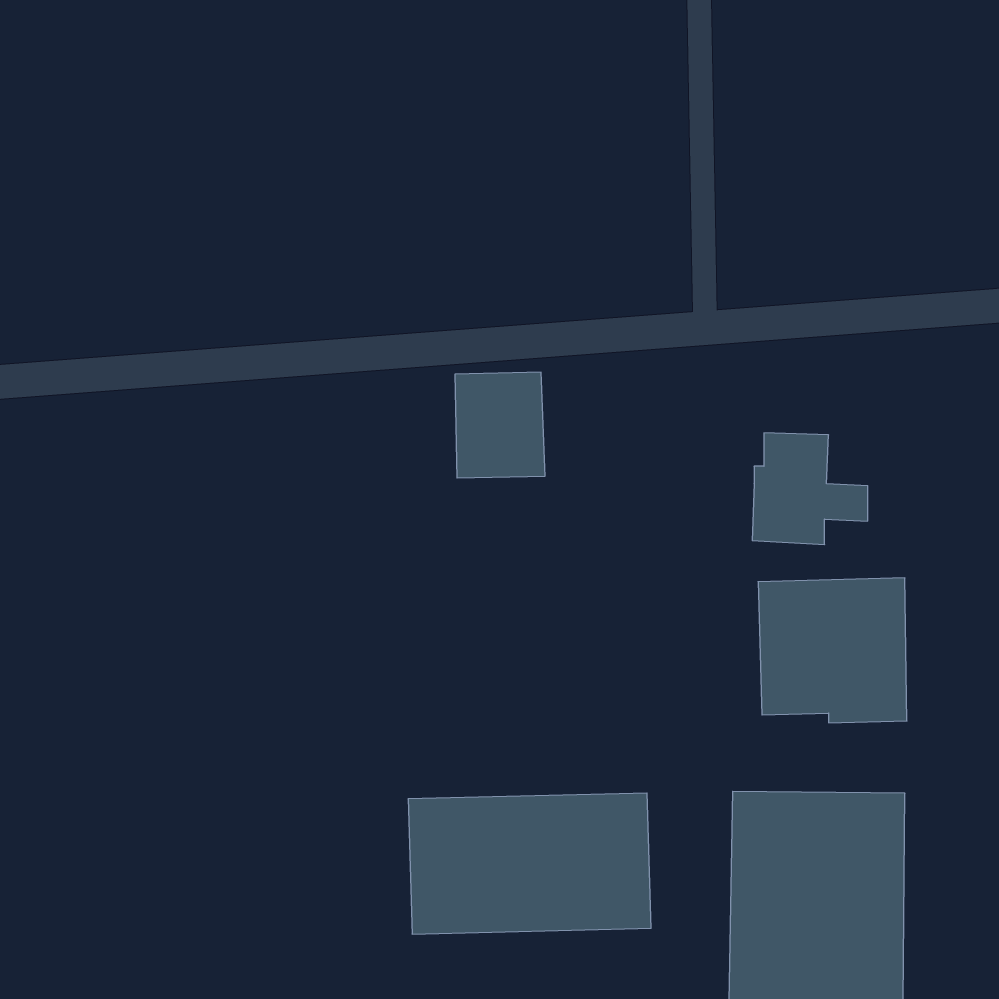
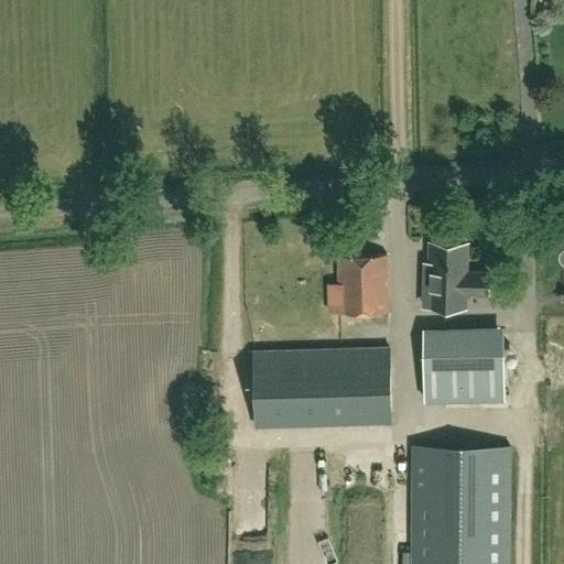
building: [455,372,545,478] -> [337,254,388,314]
building: [408,793,651,934] -> [253,349,390,429]

